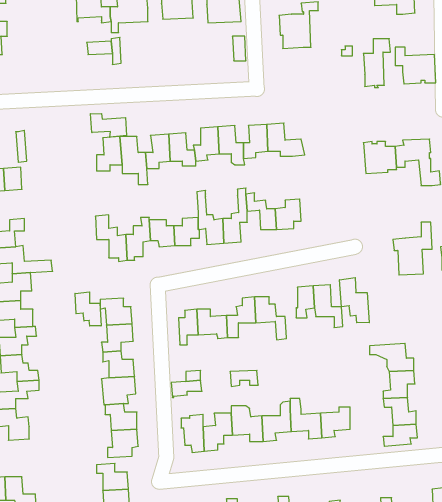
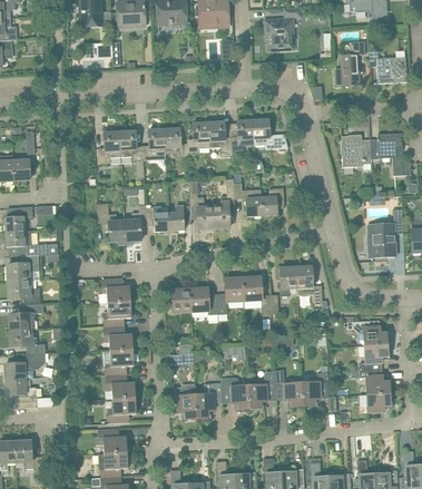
building: [90,114,127,137] -> none
building: [340,278,369,323] -> none
building: [75,292,101,326] -> none

